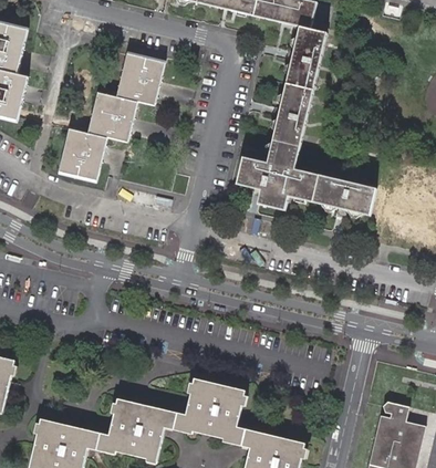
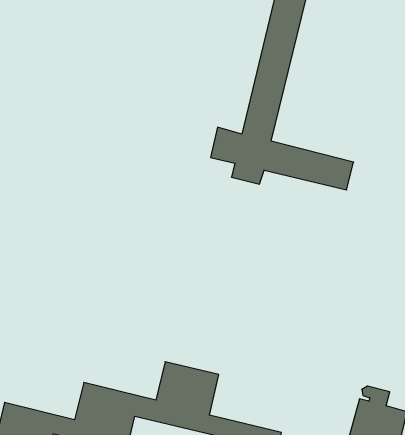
building: [59,50,164,178] -> none

